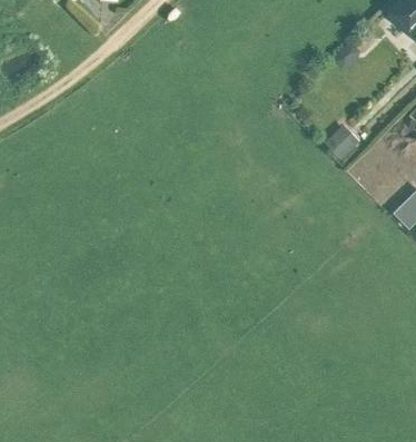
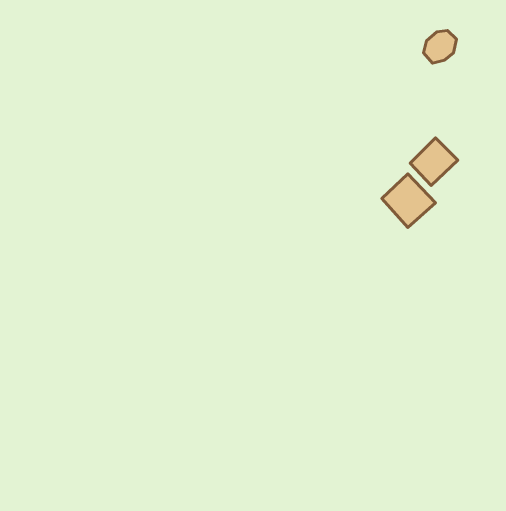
building: none -> [382,174,435,228]

